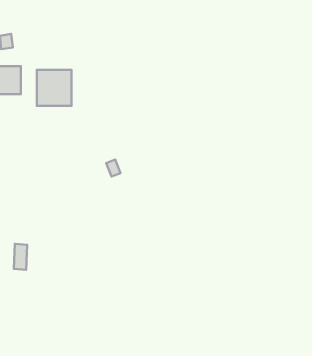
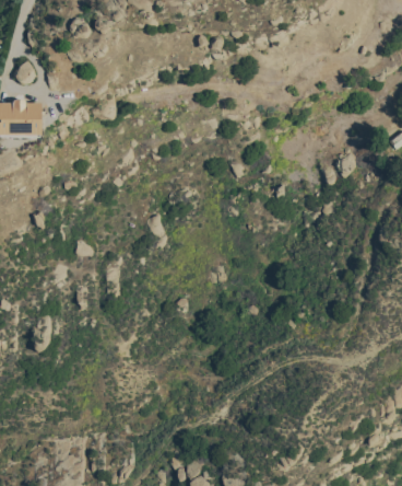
building: [37,70,72,106] -> none

